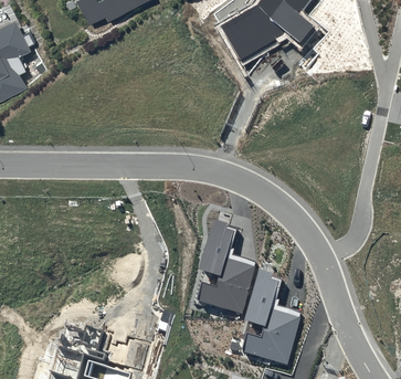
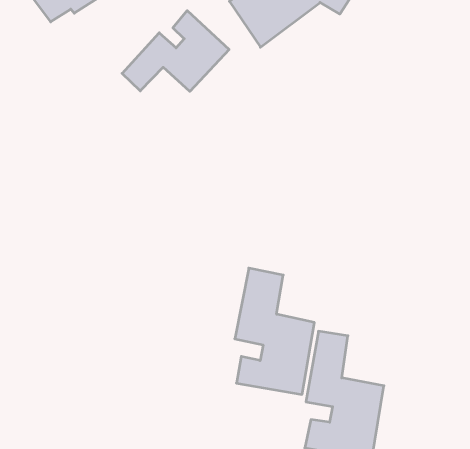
building: none -> [122,11,229,91]

